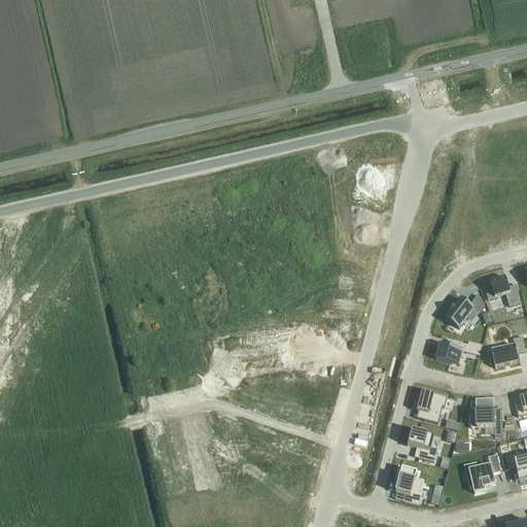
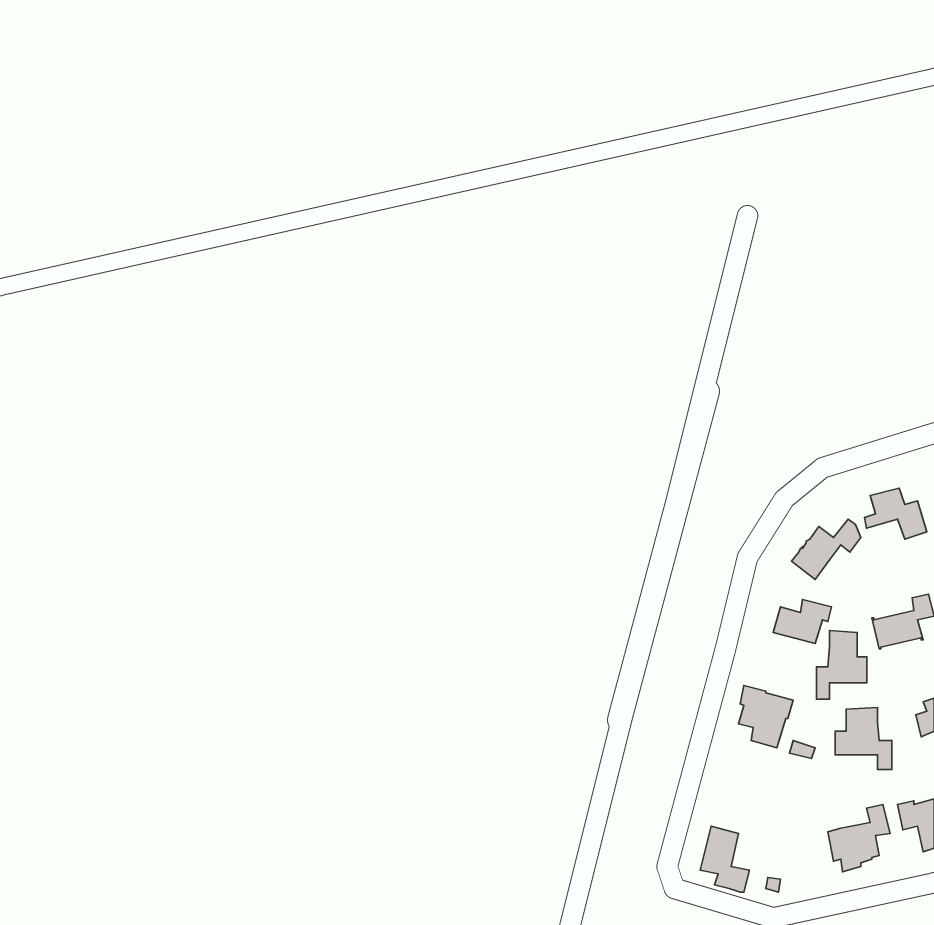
building: none -> [817,630,867,699]
building: [407,427,437,459] -> none

